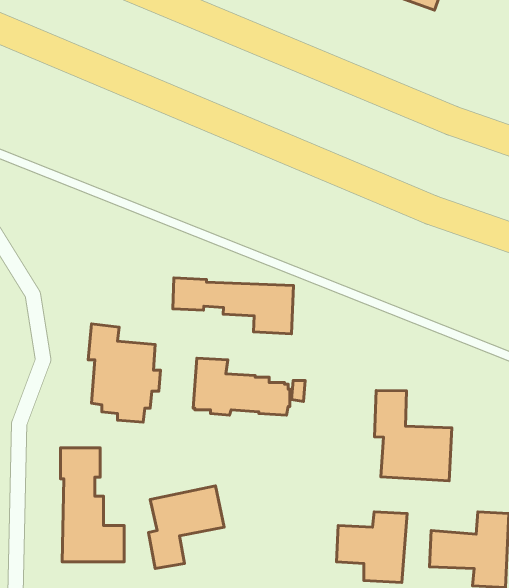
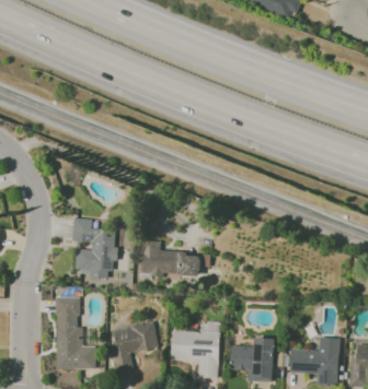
building: [173,278,293,334] -> none
building: [374,390,452,481] -> none
building: none -> [171,329,220,378]

